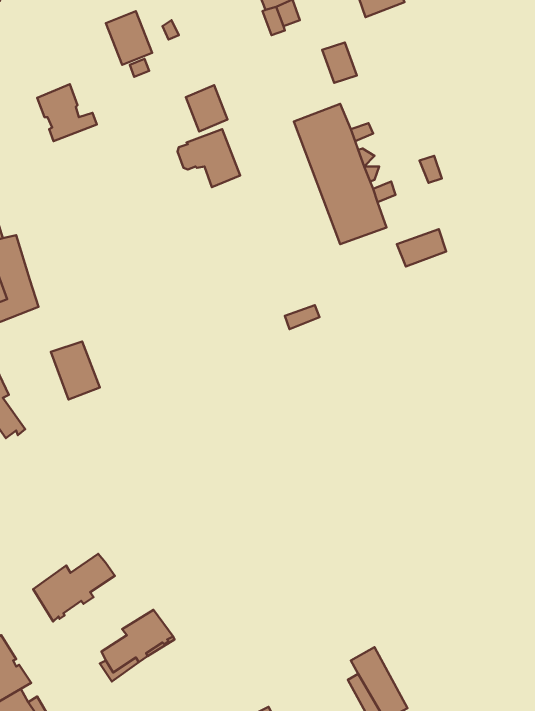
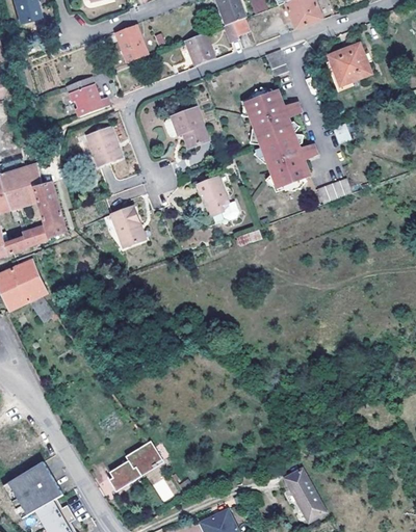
building: none -> [329,44,371,86]
building: [186,85,228,132] -> [184,32,213,64]
building: none -> [87,126,123,165]
building: none -> [199,174,239,217]
building: [51,341,100,400] -> [111,205,146,245]
building: [33,554,115,621] -> none

